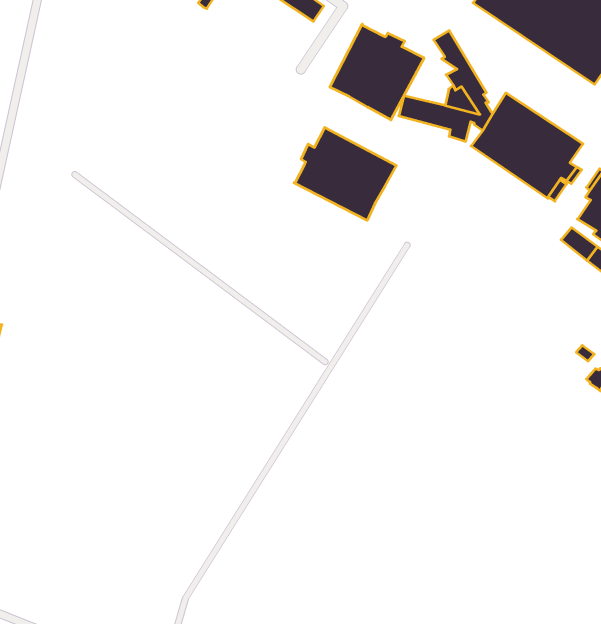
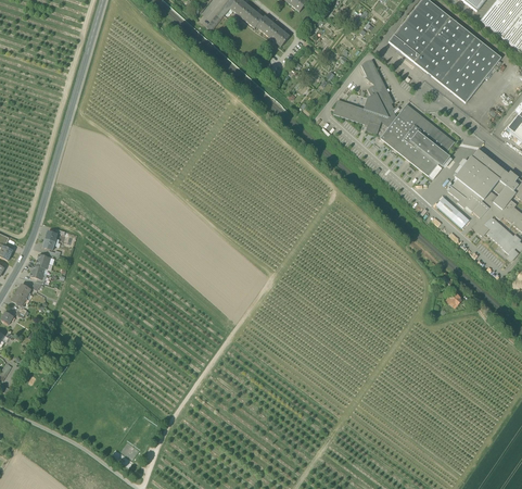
building: [330,24,424,120] -> none
building: [294,127,396,220] -> none

